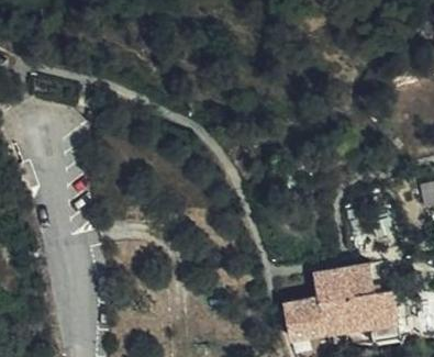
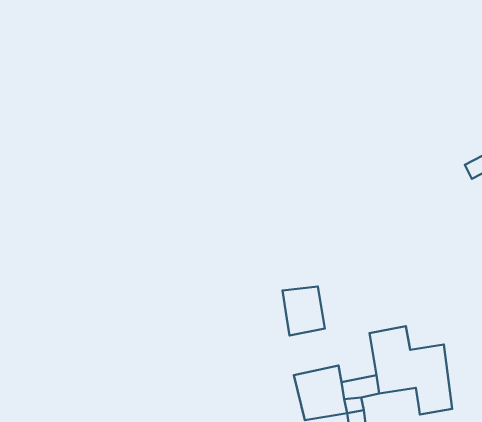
building: [305,272,338,311] -> [283,286,325,336]

